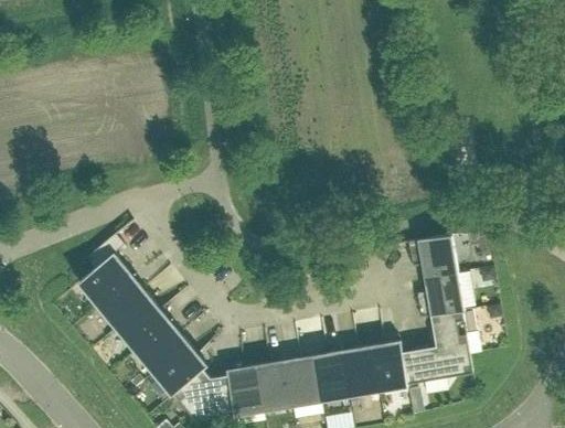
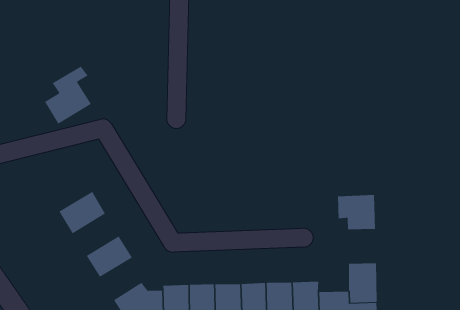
building: [81,236,136,306] -> [44,66,93,124]
building: [416,275,463,320] -> none
building: [118,300,173,351] -> none
building: [156,345,209,396] -> none

